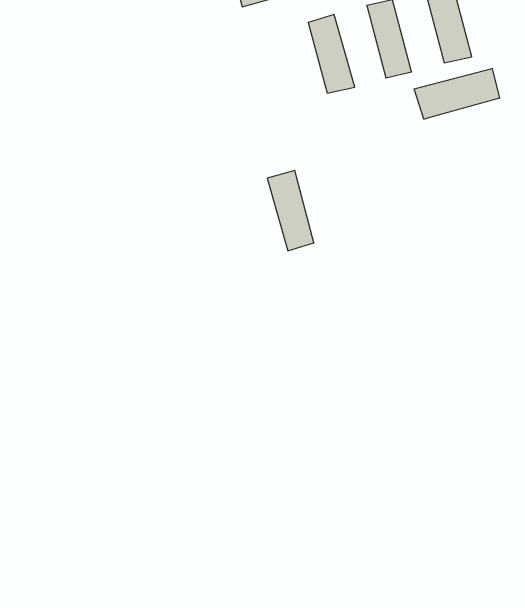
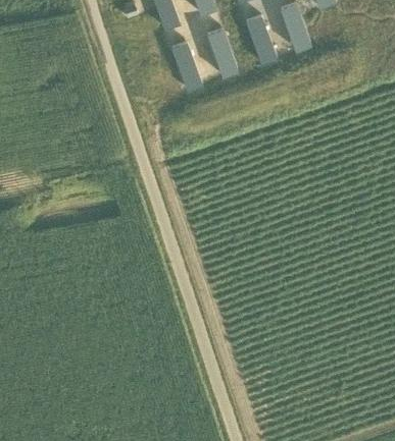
building: [414,68,499,119] -> none
building: [267,171,314,251] -> [175,41,206,90]

